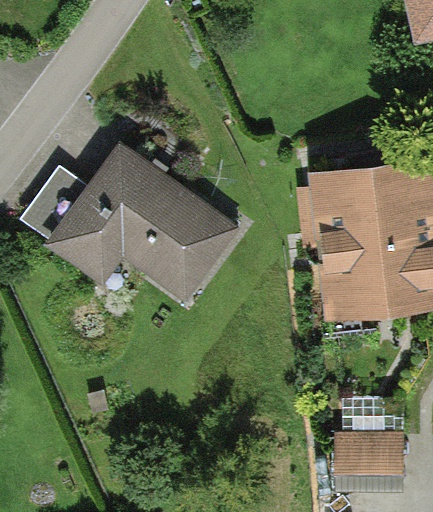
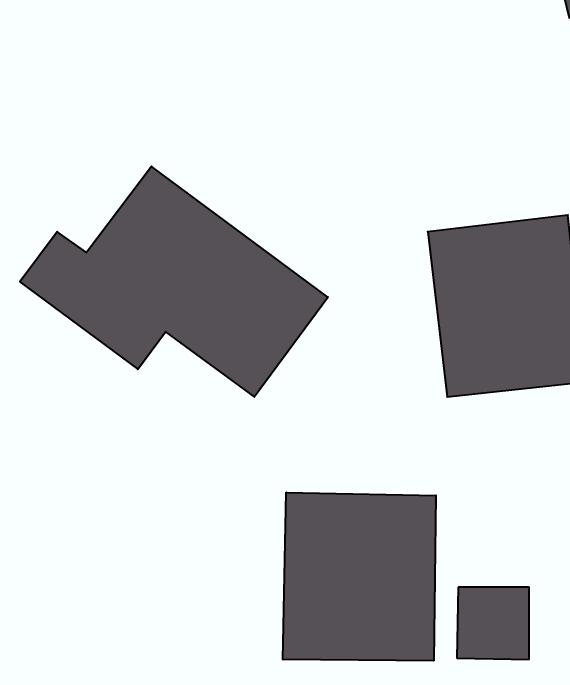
building: none -> [283,492,436,661]

